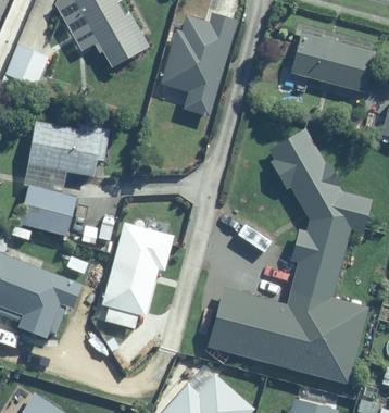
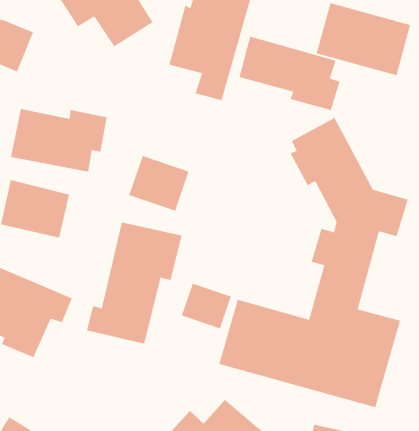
building: none -> [239,36,340,111]
building: none -> [129,155,189,211]
building: none -> [181,283,232,329]

